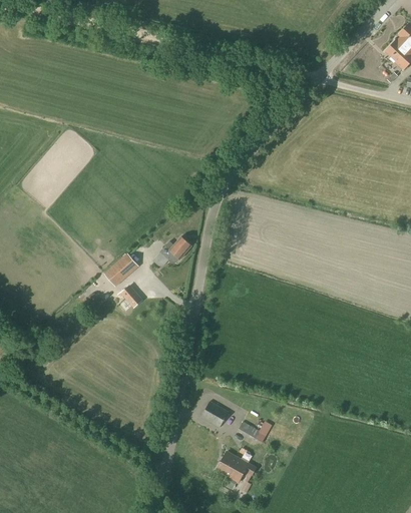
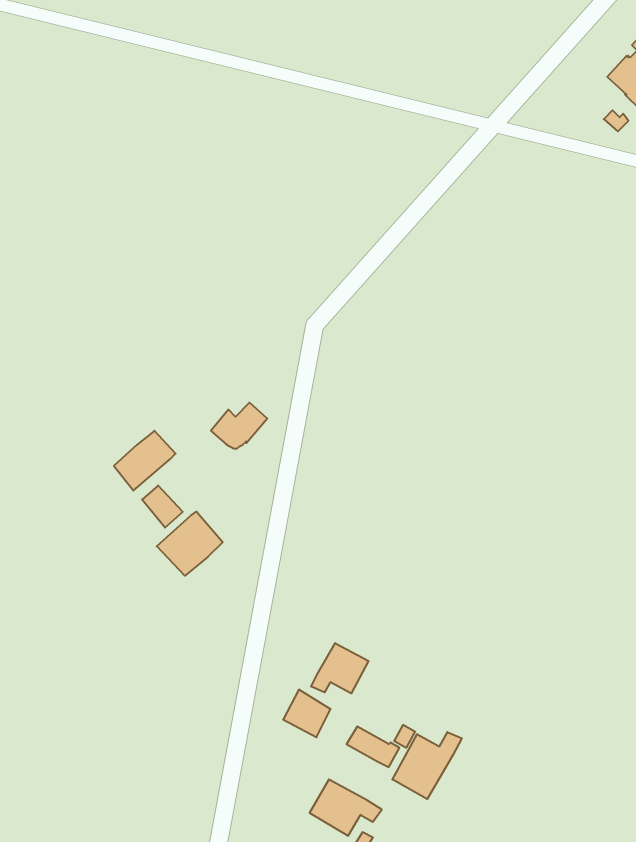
building: none -> [157,512,223,576]
building: none -> [311,643,368,693]
building: none -> [392,732,462,799]

